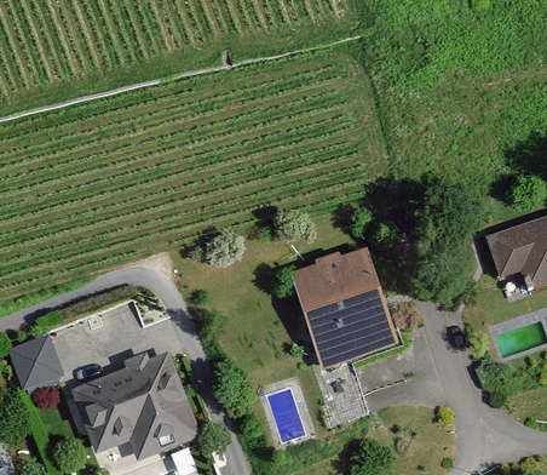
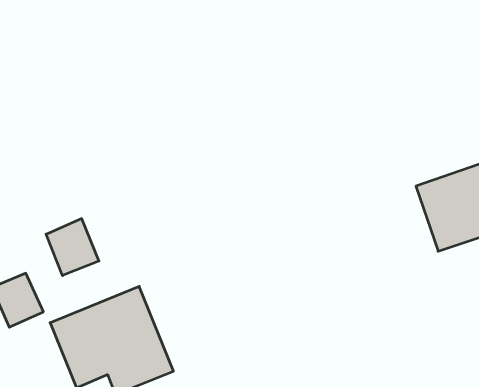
building: [283,248,404,373] -> none
building: none -> [46,219,99,276]

